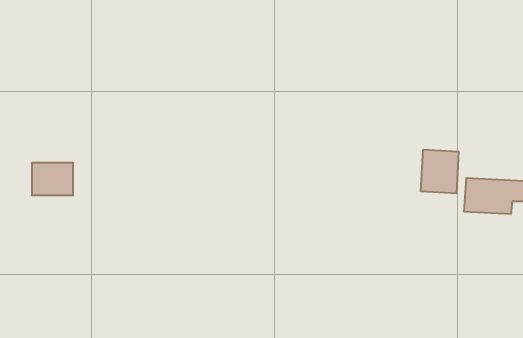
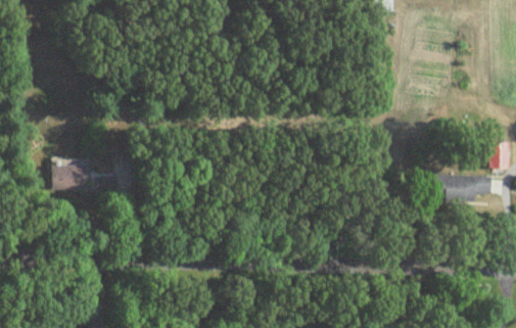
building: [421,150,459,193] -> none

